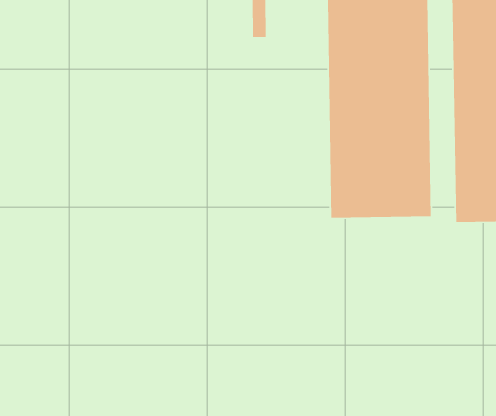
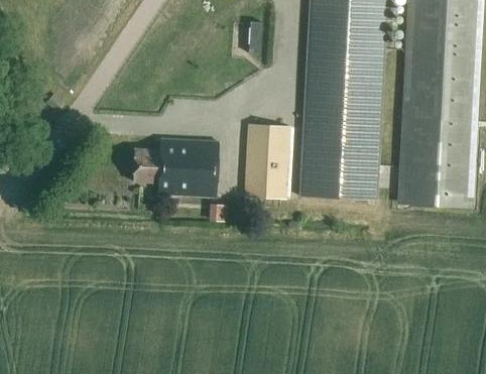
building: none -> [243,124,289,200]
building: none -> [133,138,220,196]

